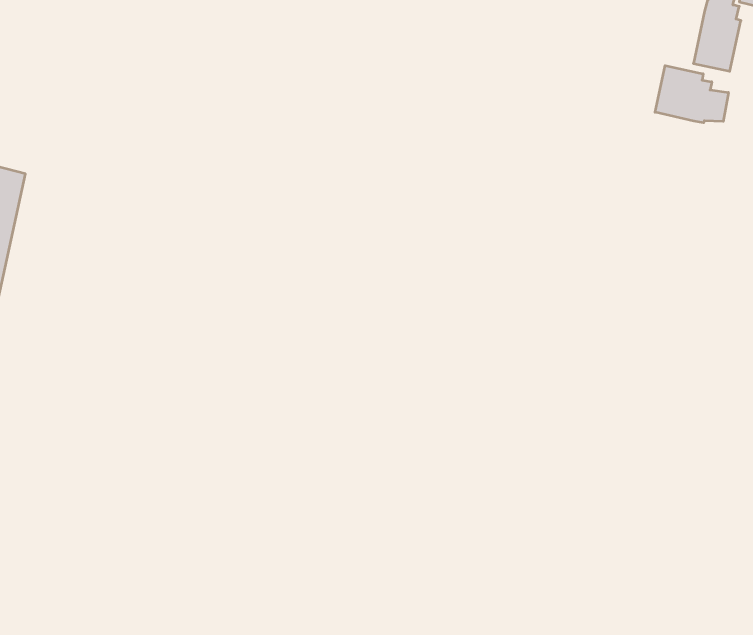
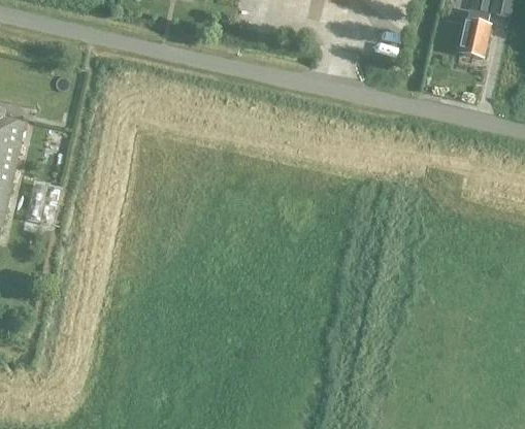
building: [655,66,728,123] -> none

